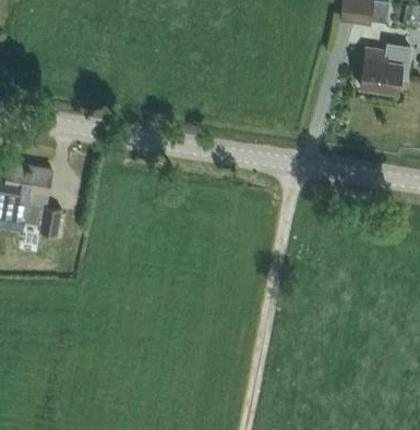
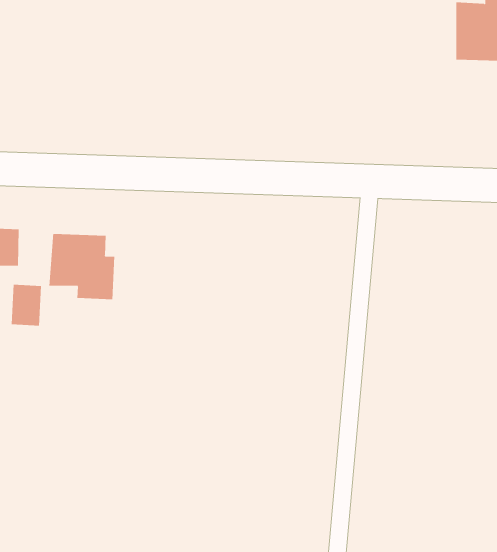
building: none -> [49,233,115,300]

